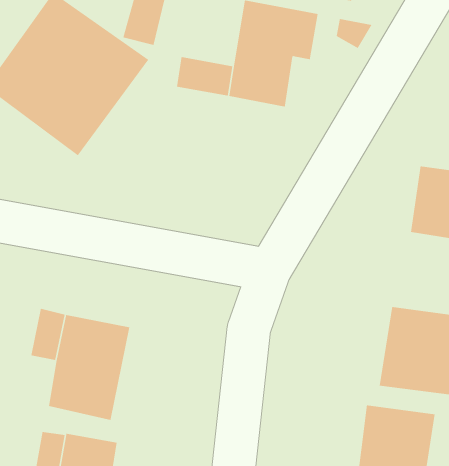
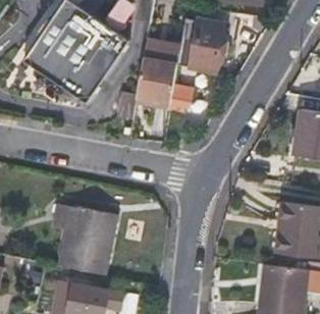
building: none -> [137,59,177,104]

